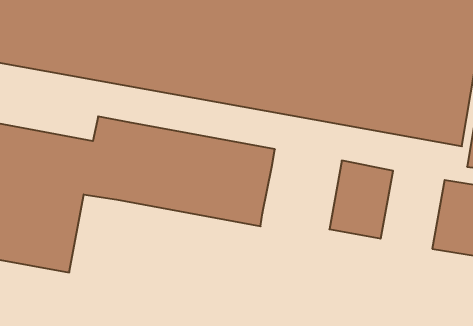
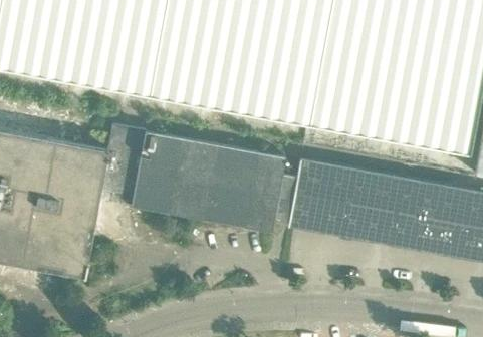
building: none -> [289,159,352,236]
building: none -> [391,179,453,255]

